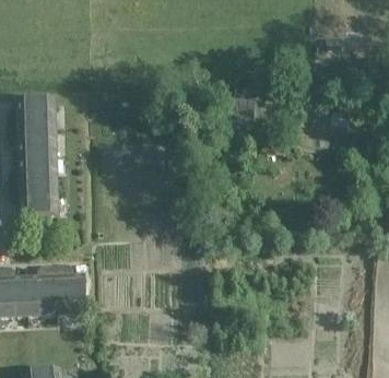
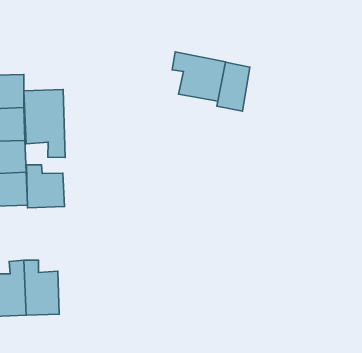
building: none -> [172,52,225,101]
building: none -> [24,90,65,157]
building: none -> [26,165,64,208]

